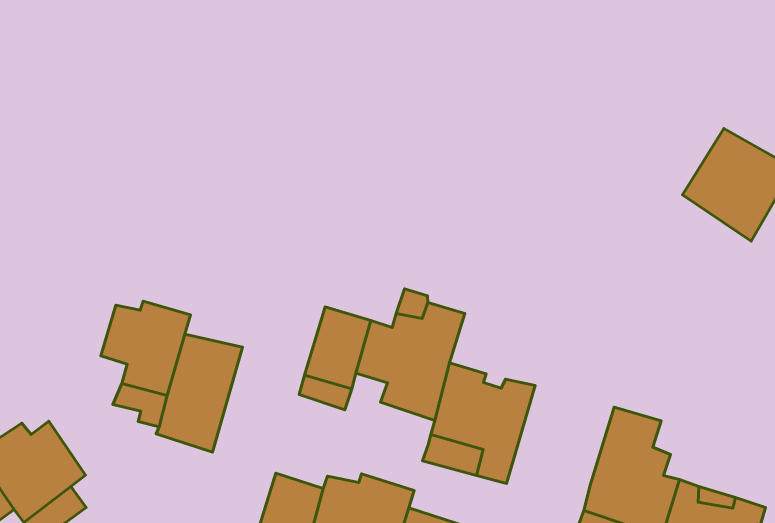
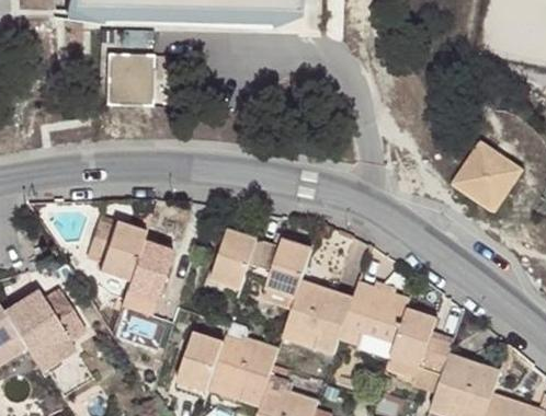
building: none -> [102,49,153,103]
building: none -> [345,281,416,358]

